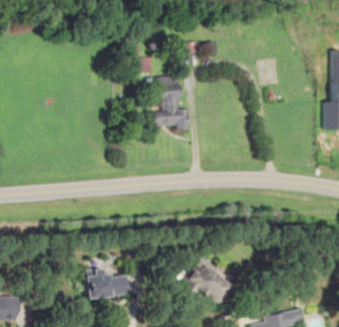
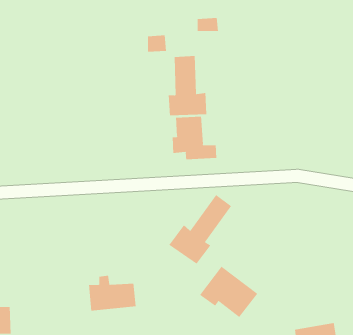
building: none -> [172,116,217,160]
building: none -> [169,194,232,265]

